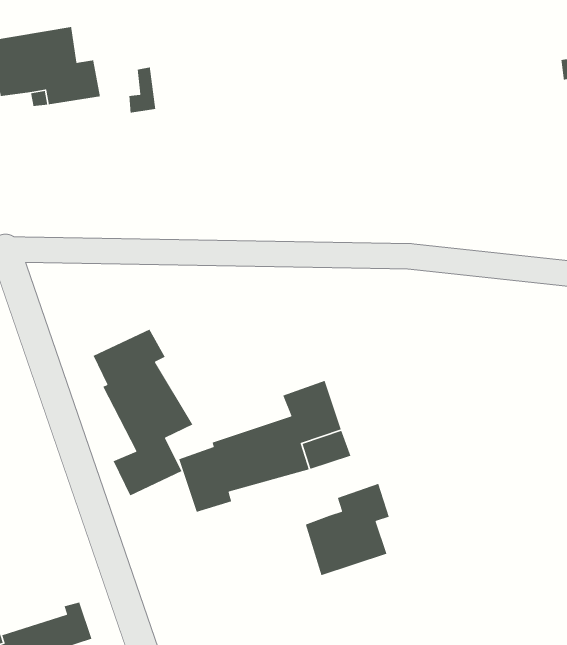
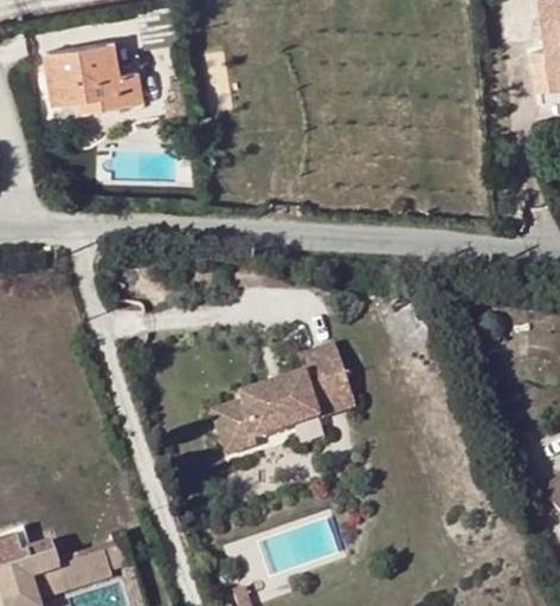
building: [93,328,193,496] -> none
building: [305,483,390,576] -> none

